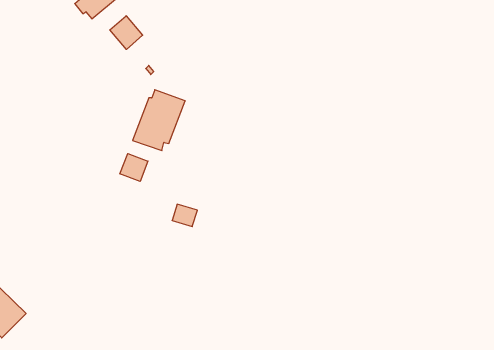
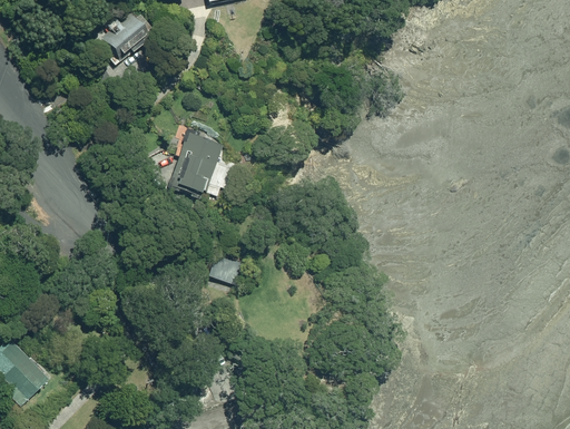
building: [110,16,143,49] -> none
building: [120,154,148,181] -> none

